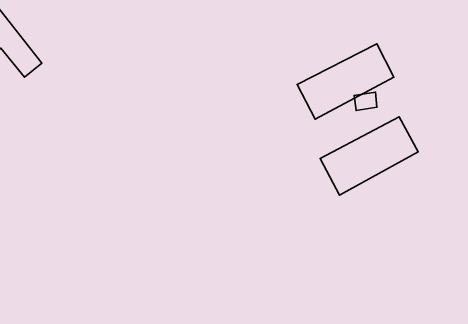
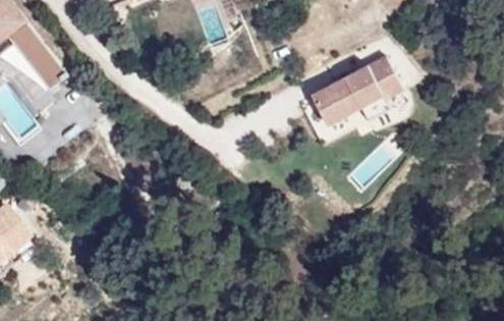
building: [320,117,418,195] -> none

